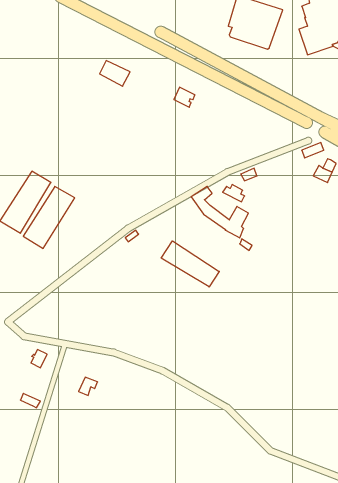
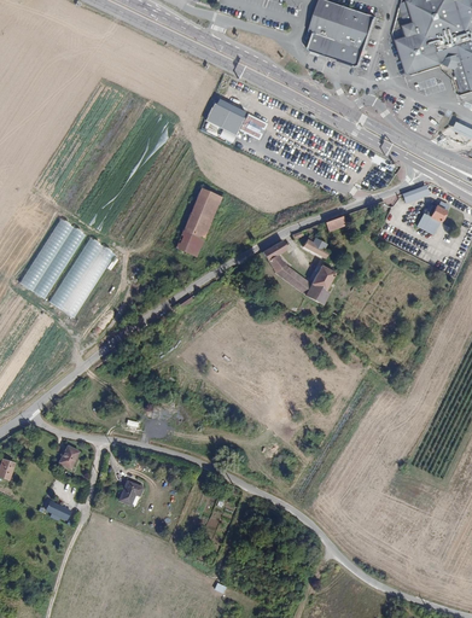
building: [100,61,130,86] -> [204,103,243,135]
building: none -> [174,187,220,256]
building: [161,241,219,287] -> none

